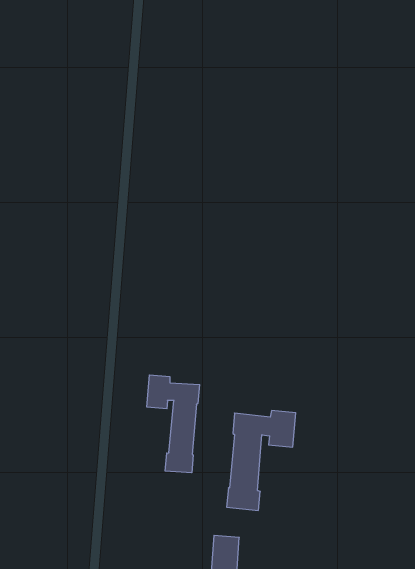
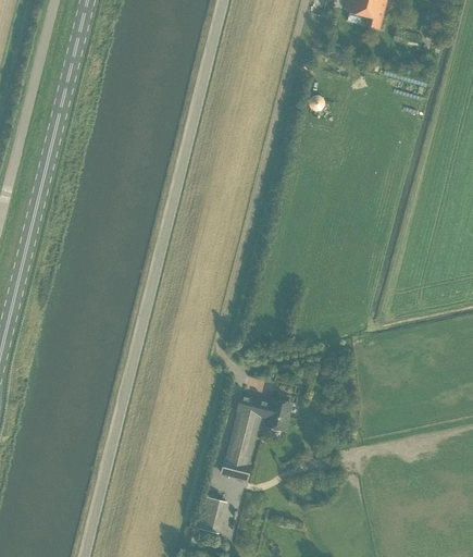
building: [147,375,200,473] -> none

